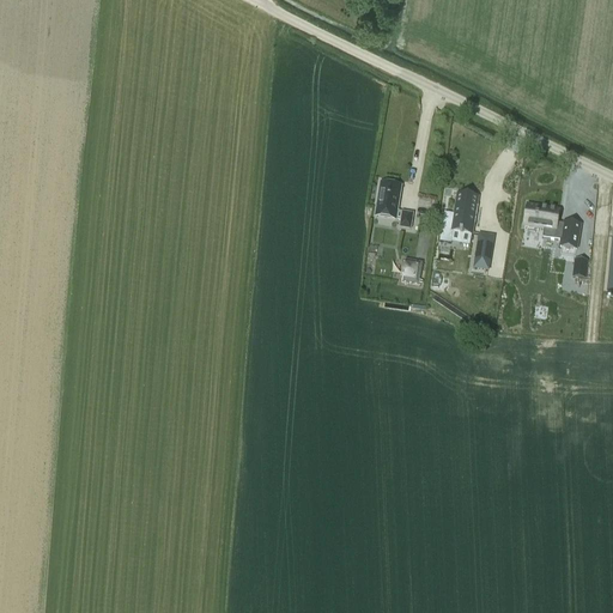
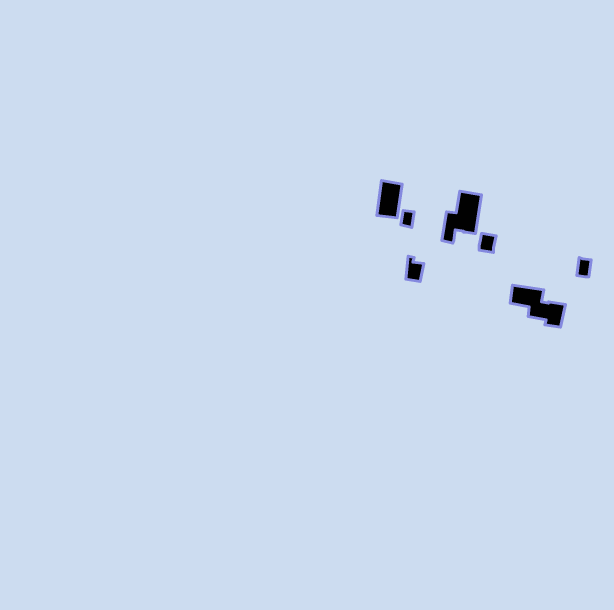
building: [527,204,582,245] -> [510,285,565,327]

